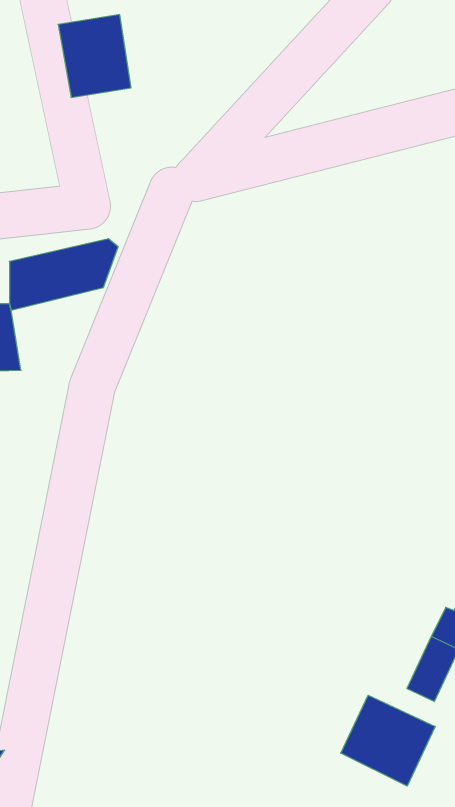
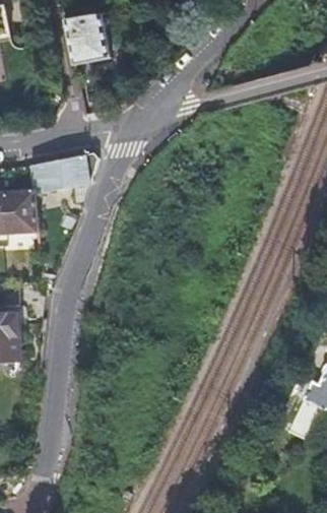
building: [341,695,435,786] -> none

